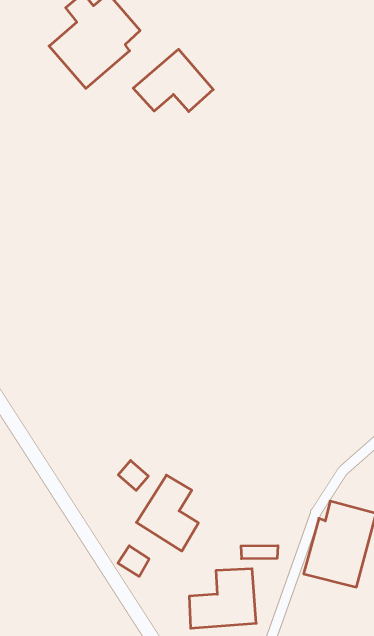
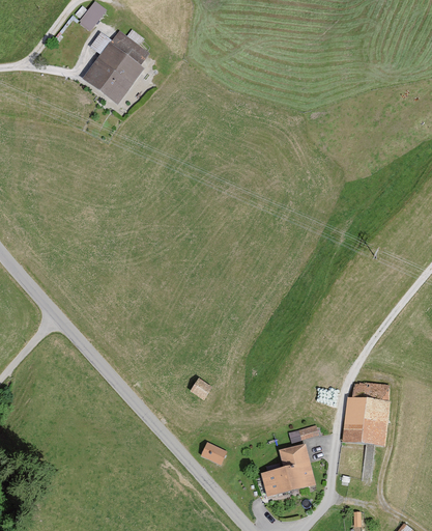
building: [133,49,213,112] -> none
building: [136,475,198,551] -> none

